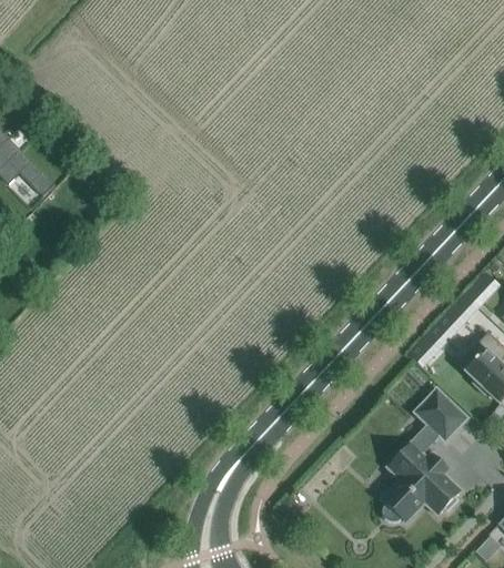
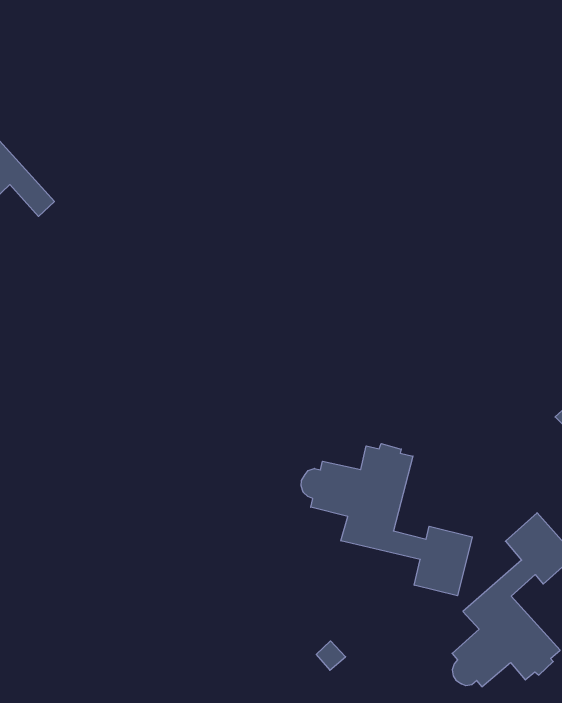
building: none -> [301,444,472,596]

